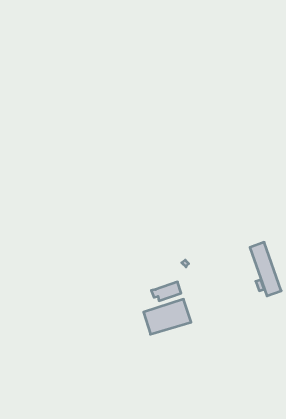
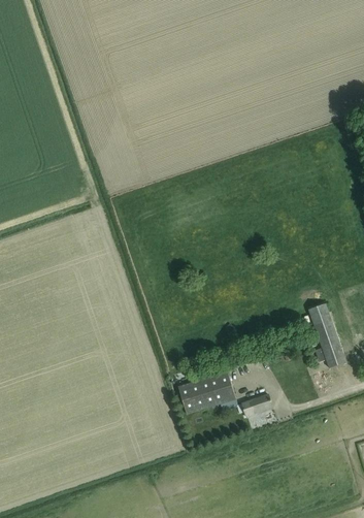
building: [151,282,181,301] -> [236,394,272,417]

